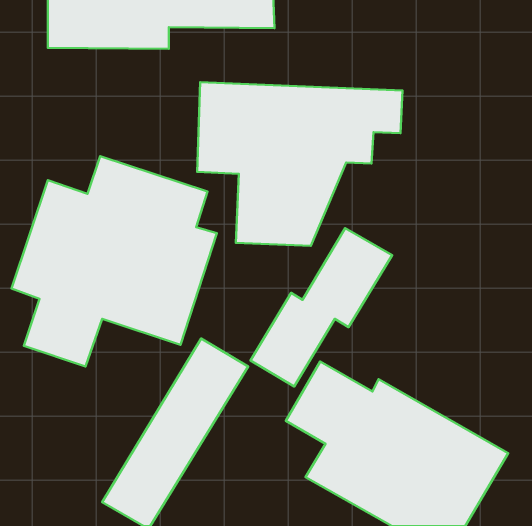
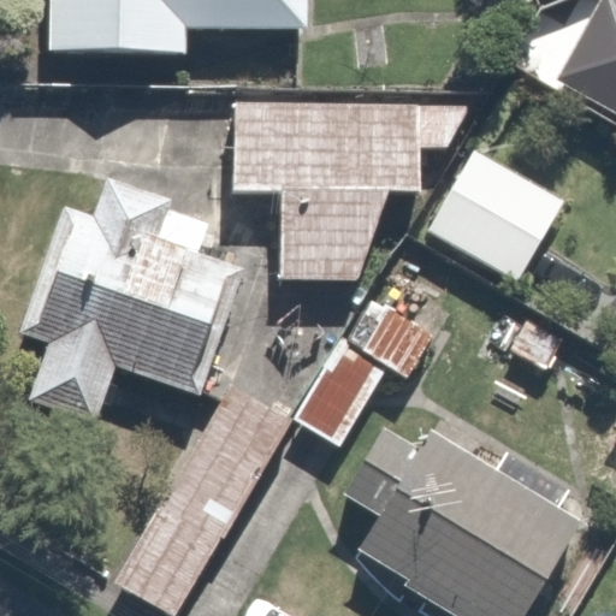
building: none -> [424,144,567,286]

